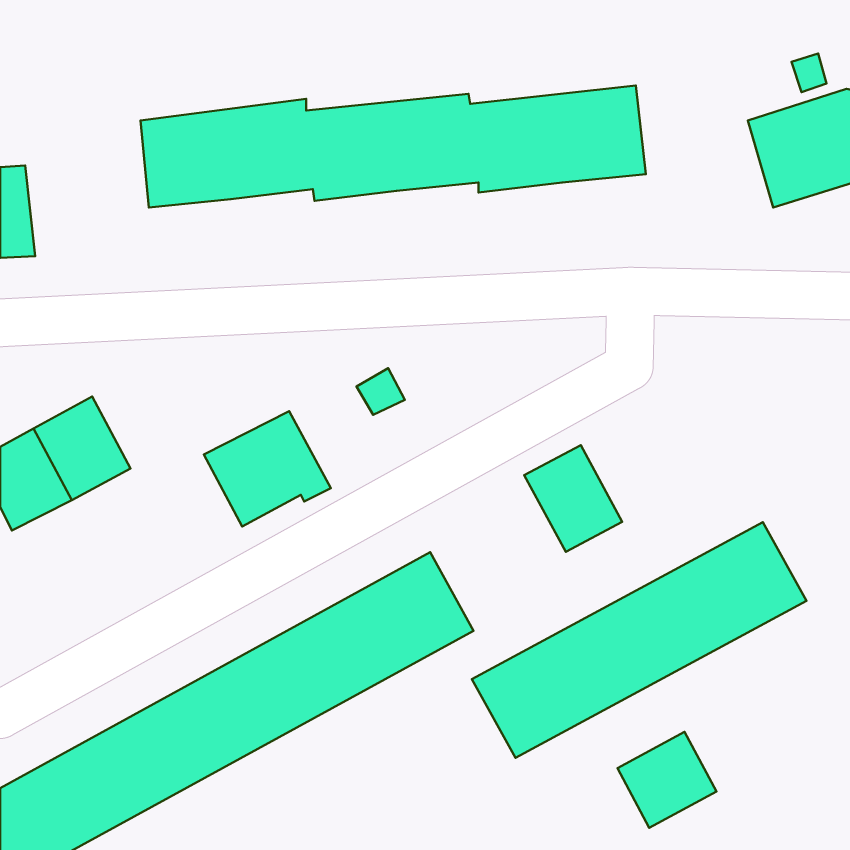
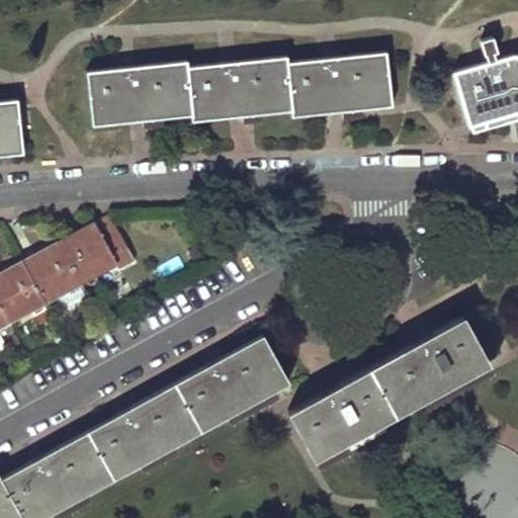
building: [204,411,331,526] -> [59,217,136,286]
building: [524,445,622,552] -> none
building: [617,732,716,828] -> none

